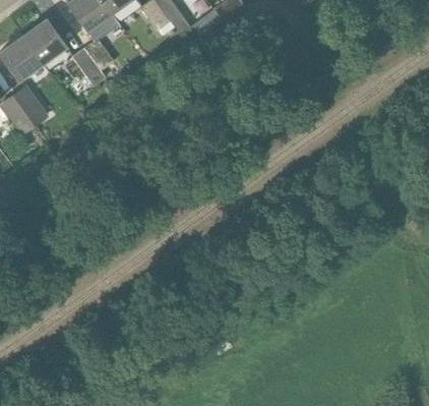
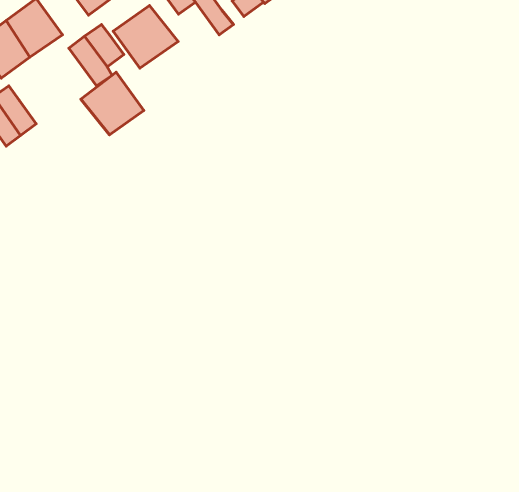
building: none -> [113,6,178,68]
building: none -> [81,72,144,135]

